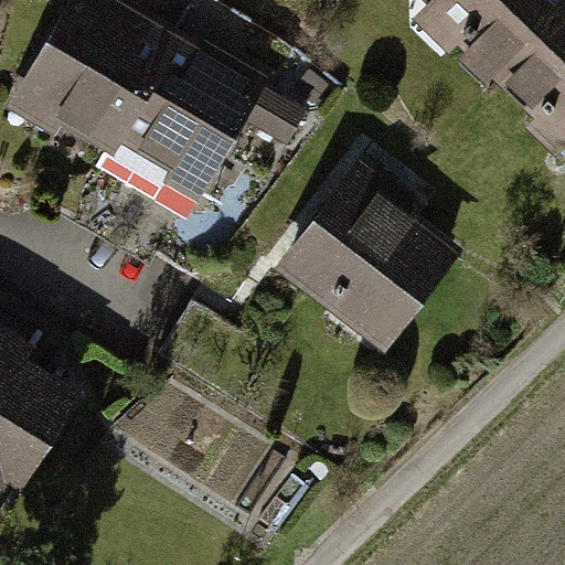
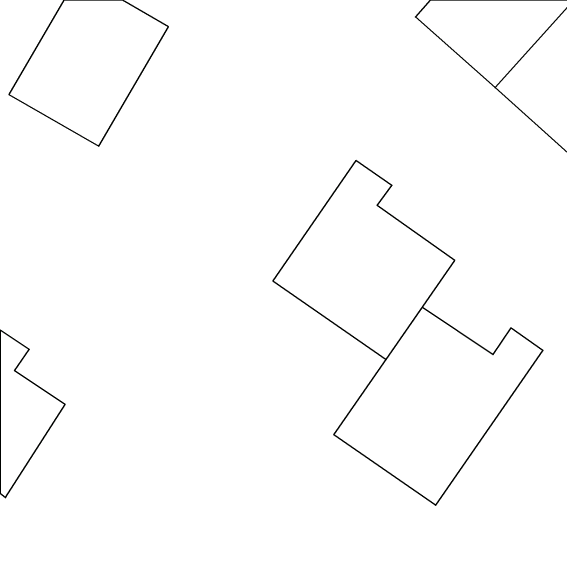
building: [104,26,260,195] -> none
building: none -> [334,307,543,505]

